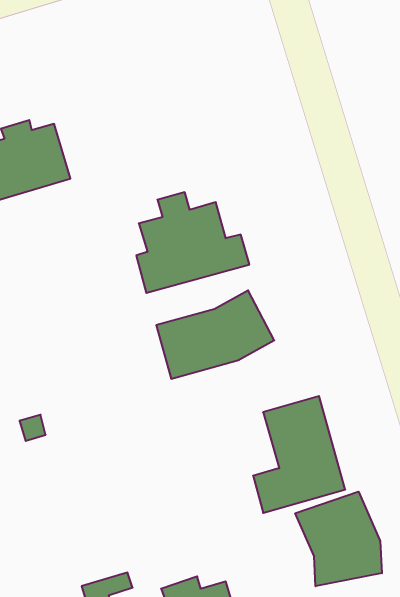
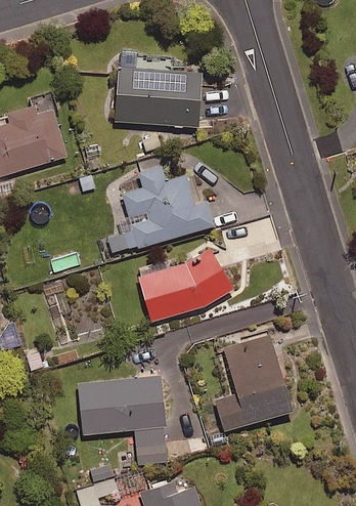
building: none -> [116,58,203,127]
building: none -> [79,378,166,464]
building: [295,492,382,586] -> none

